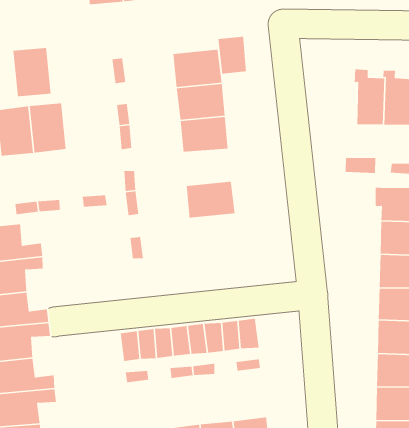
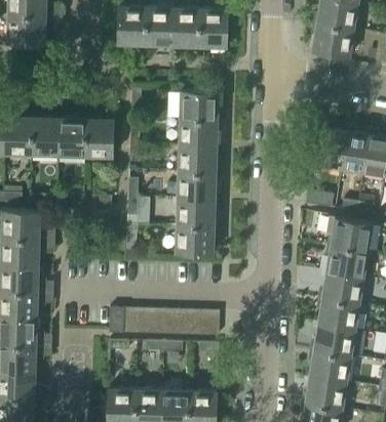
building: [218,36,247,75] -> none
building: [13,47,52,97] -> [85,119,114,158]
building: none -> [177,171,215,199]
building: none -> [175,224,214,253]

